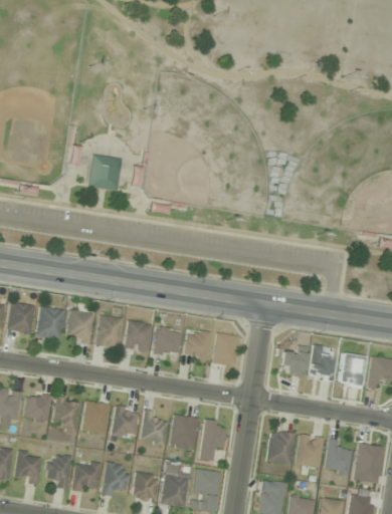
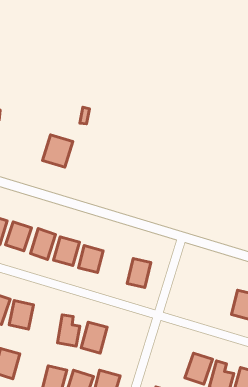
building: [89,155,122,190] -> [42,135,73,167]
building: [184,328,212,360] -> none
building: [311,344,337,376] -> none
building: [281,345,309,376] -> none
building: [113,407,138,438] -> none
building: [201,420,226,459] -> none
building: [267,429,297,464] -> none
building: [102,462,131,496] -> none

